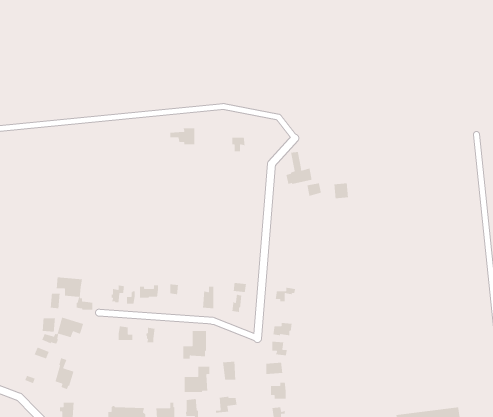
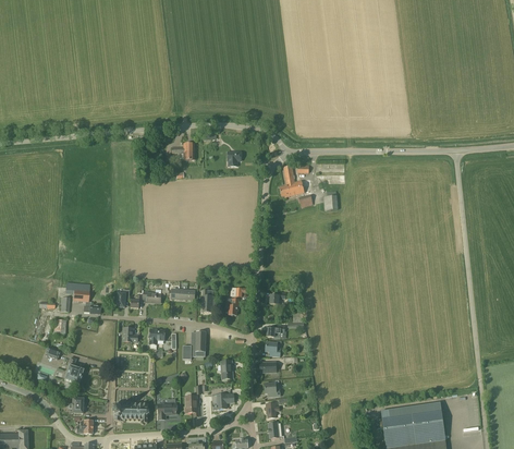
building: [41,316,84,344] -> none
building: [184,366,210,393] -> none

